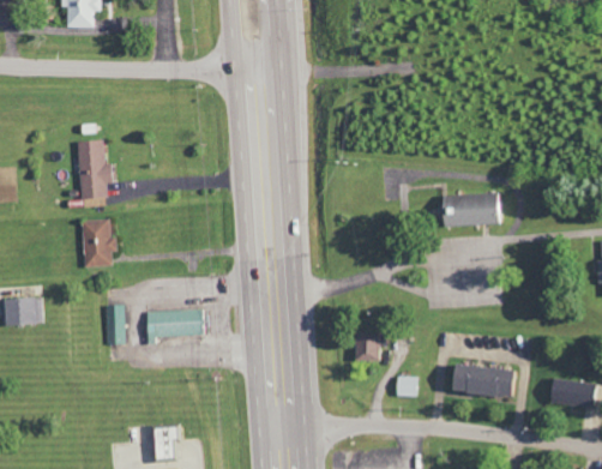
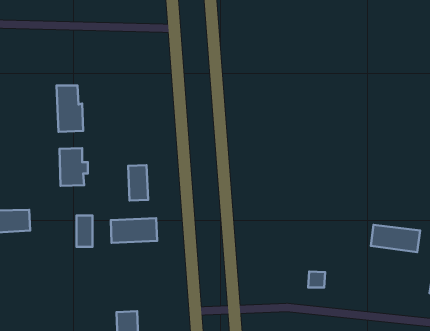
building: [443,193,504,227] -> none
building: none -> [128,165,148,201]
building: [353,332,385,361] -> none
building: [457,363,519,398] -> [371,225,420,252]

